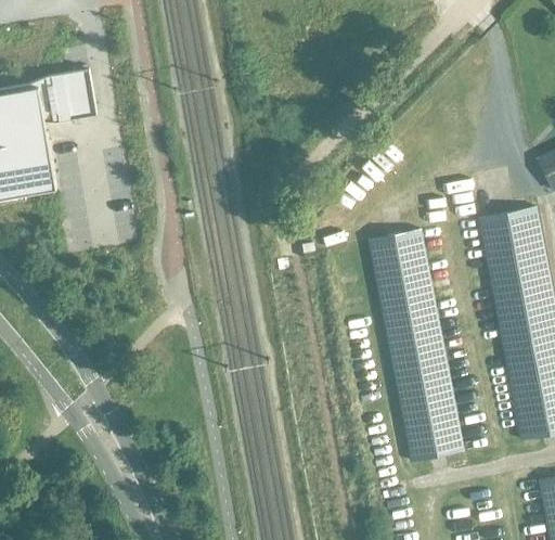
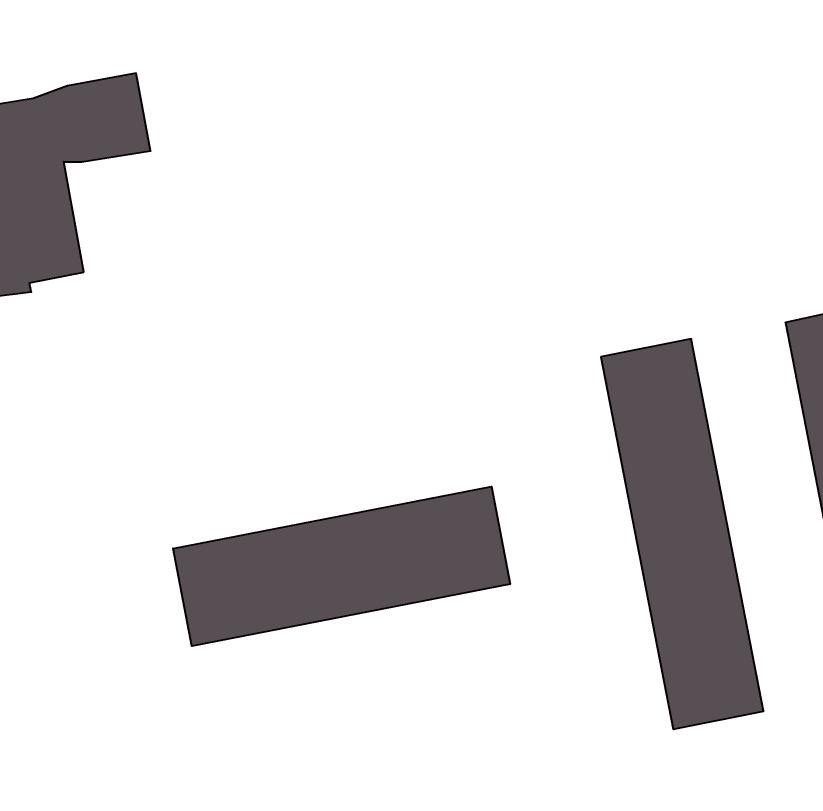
building: none -> [173,487,510,646]

